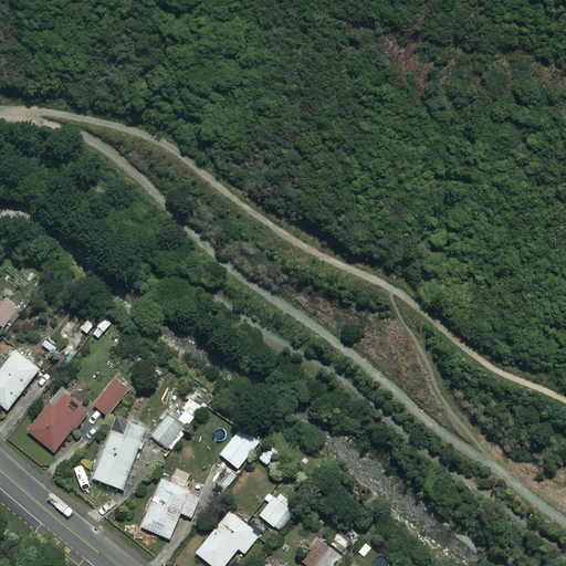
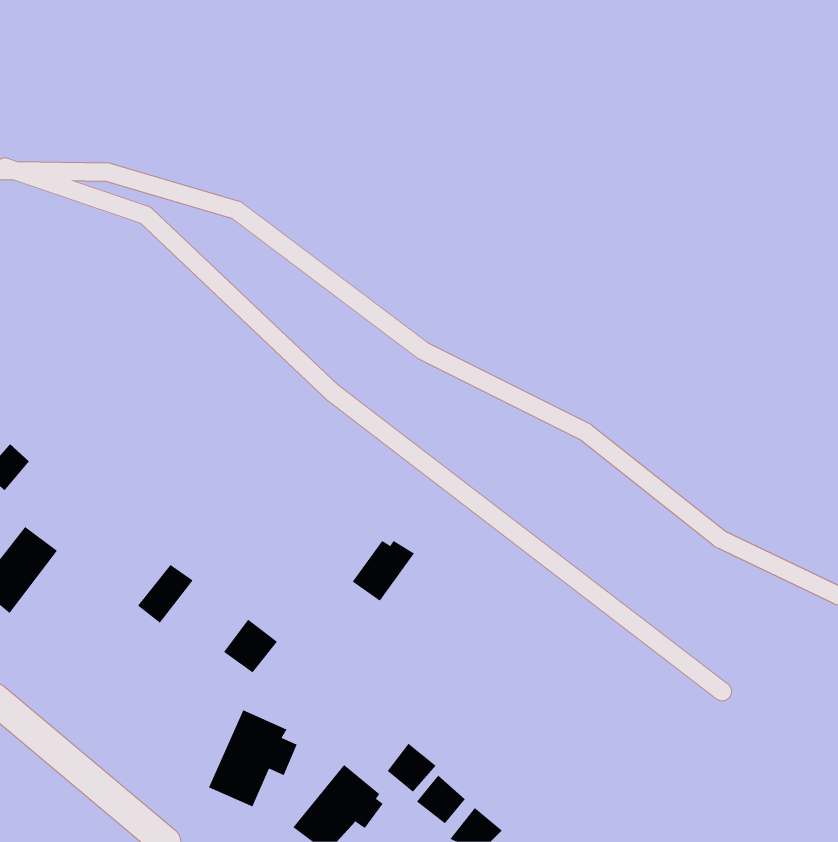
building: [27,387,91,453] -> none
building: [93,421,146,490] -> none
building: [218,428,260,469] -> [352,540,415,601]
building: none -> [416,775,466,824]

